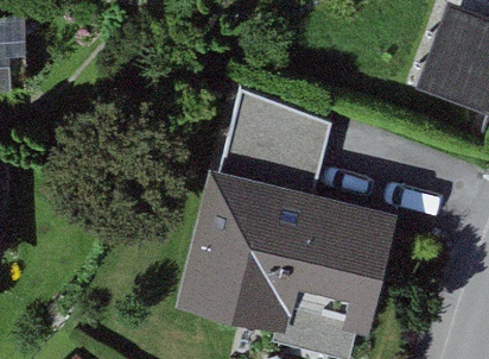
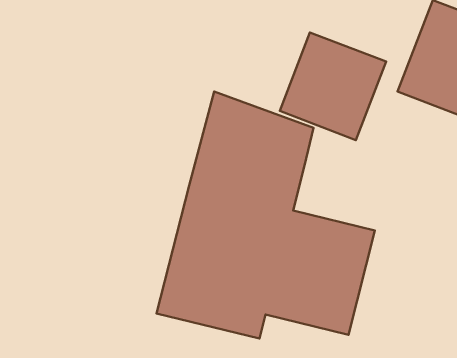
building: none -> [280,32,386,140]

